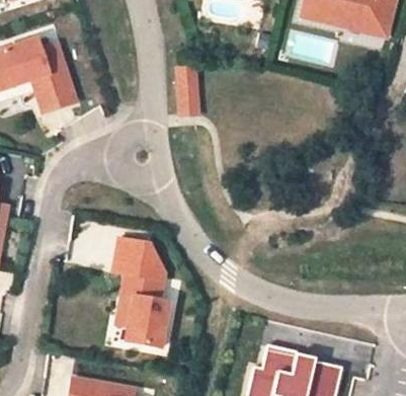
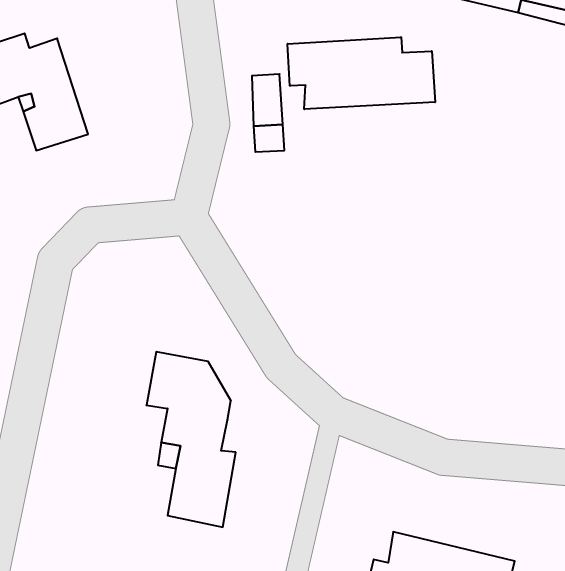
building: none -> [288,37,435,109]

